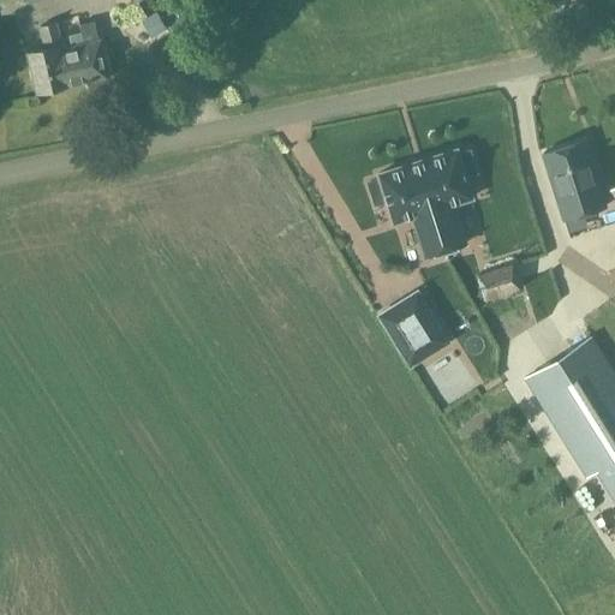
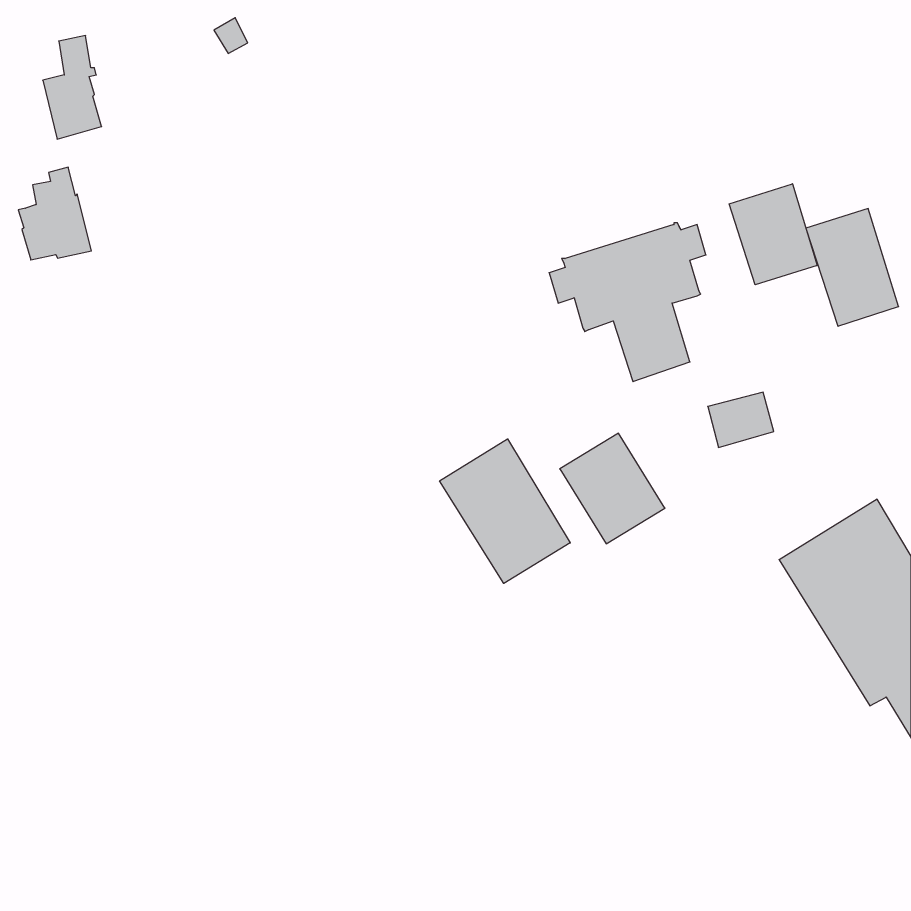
building: [60,23,109,85] -> [18,167,91,260]
building: none -> [729,184,817,285]
building: none -> [440,439,570,583]

